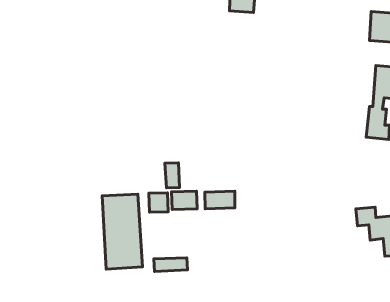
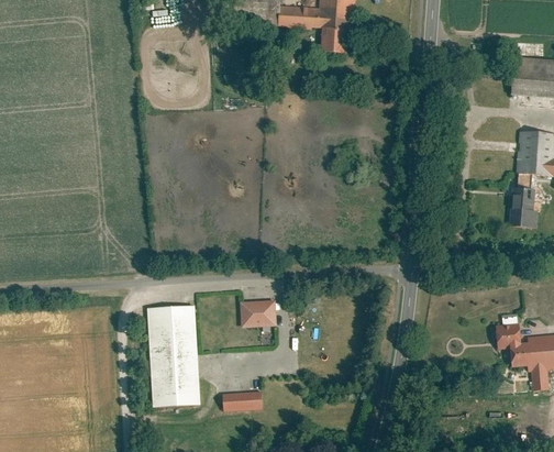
building: [165,163,179,188] -> none
building: [205,191,235,209] -> none
building: [149,193,168,212] -> none

